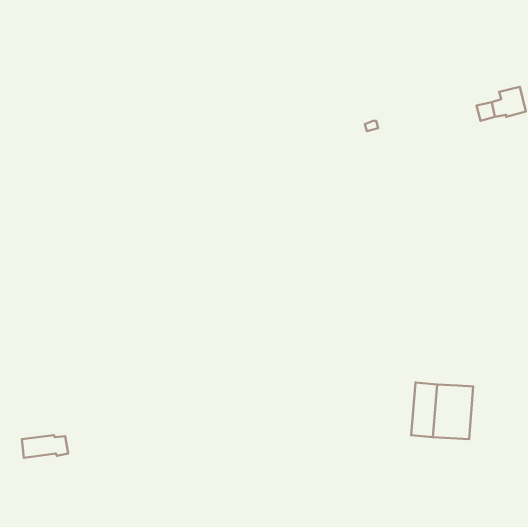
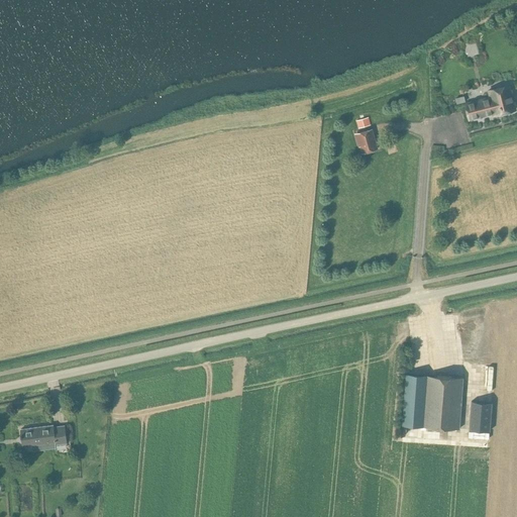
building: none -> [353,129,378,154]
building: none -> [469,403,492,432]

